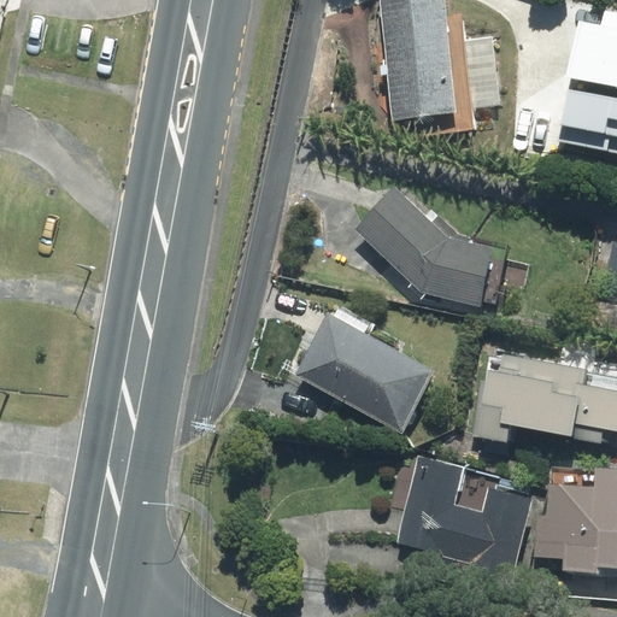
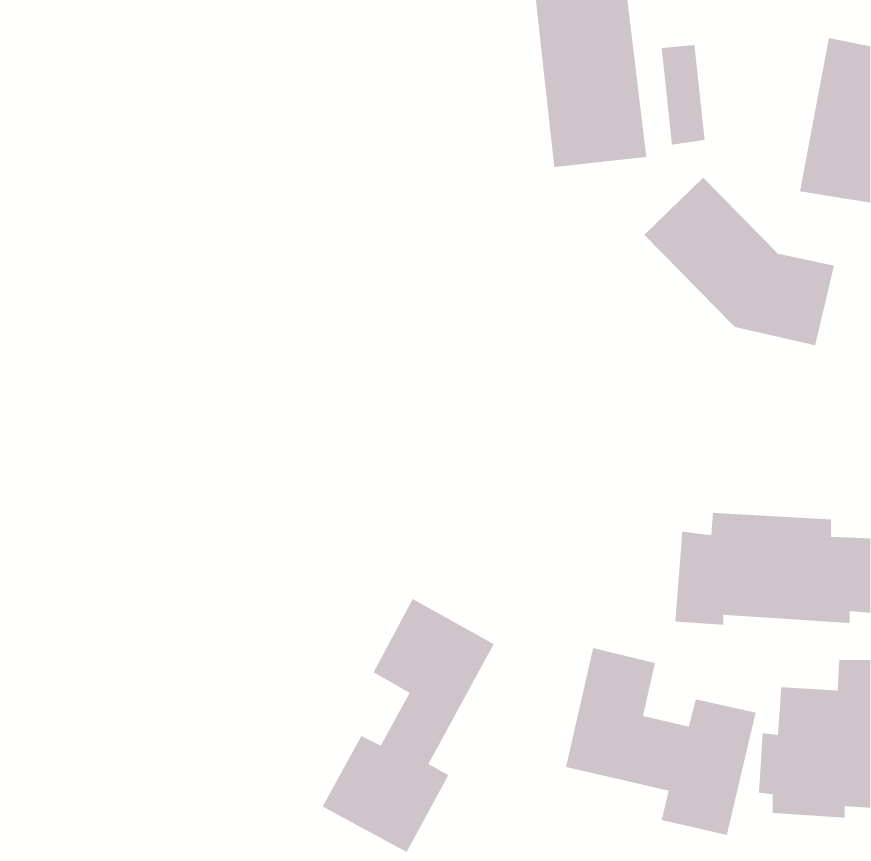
building: [357,187,492,306] -> [643,177,835,346]
building: [287,302,434,430] -> none
building: none -> [322,598,494,853]

